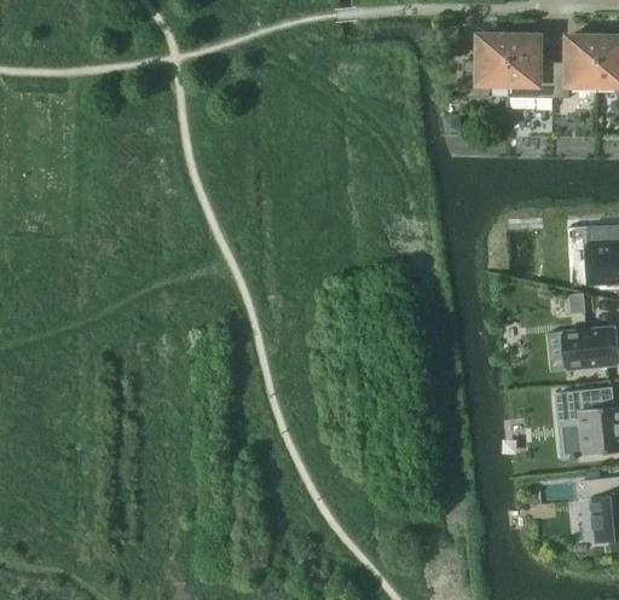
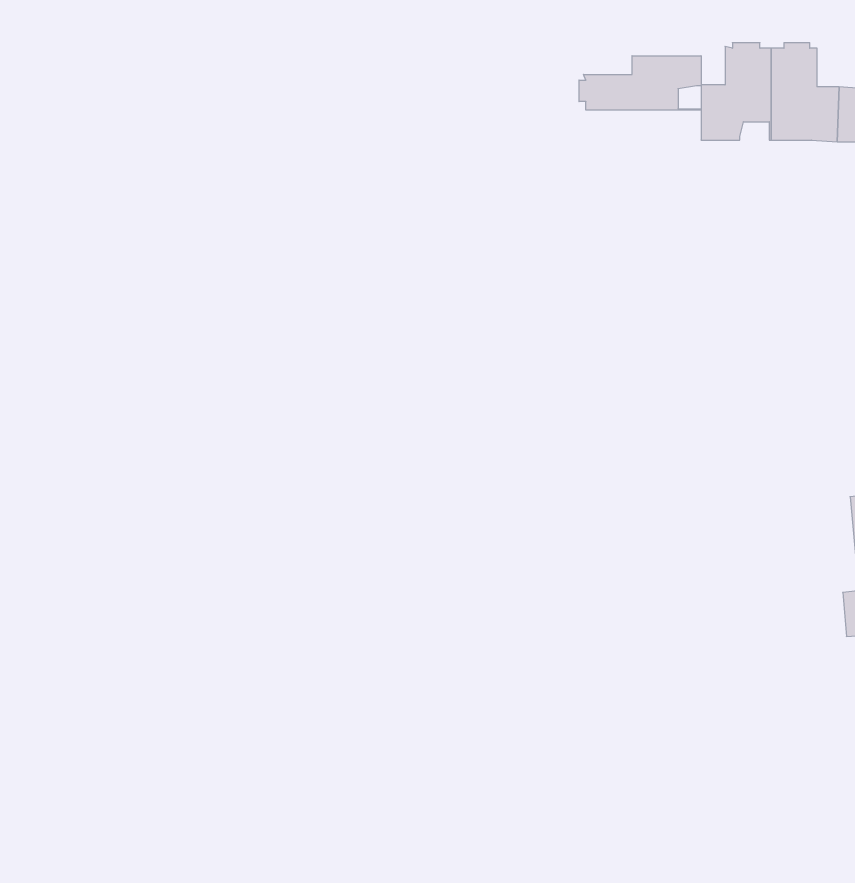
building: none -> [579,56,701,110]

